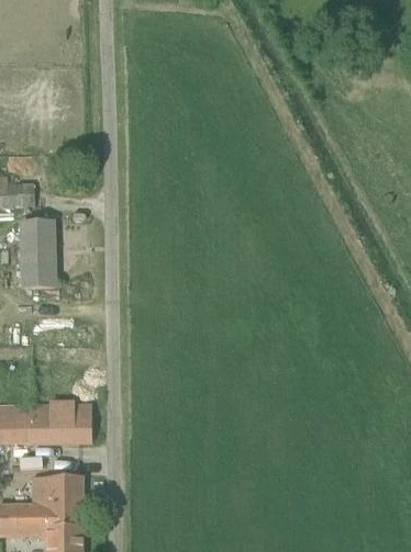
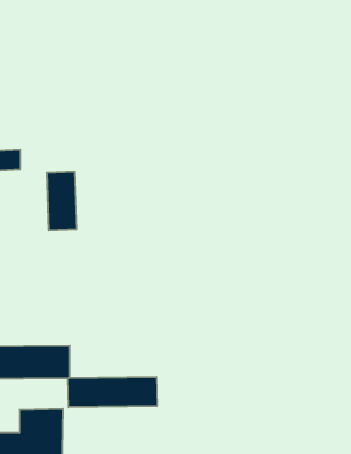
building: [21,222,55,288] -> [47,172,77,230]
building: none -> [68,377,157,407]

